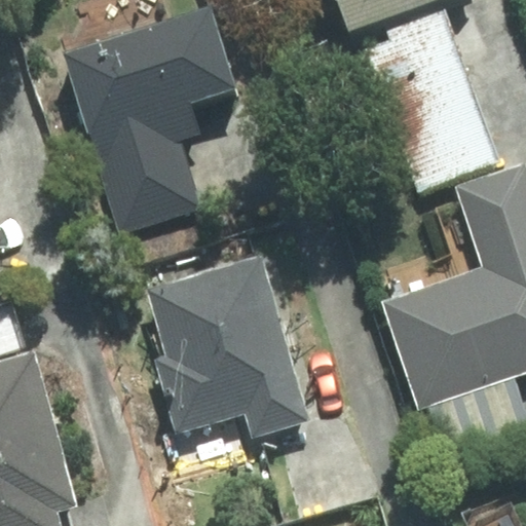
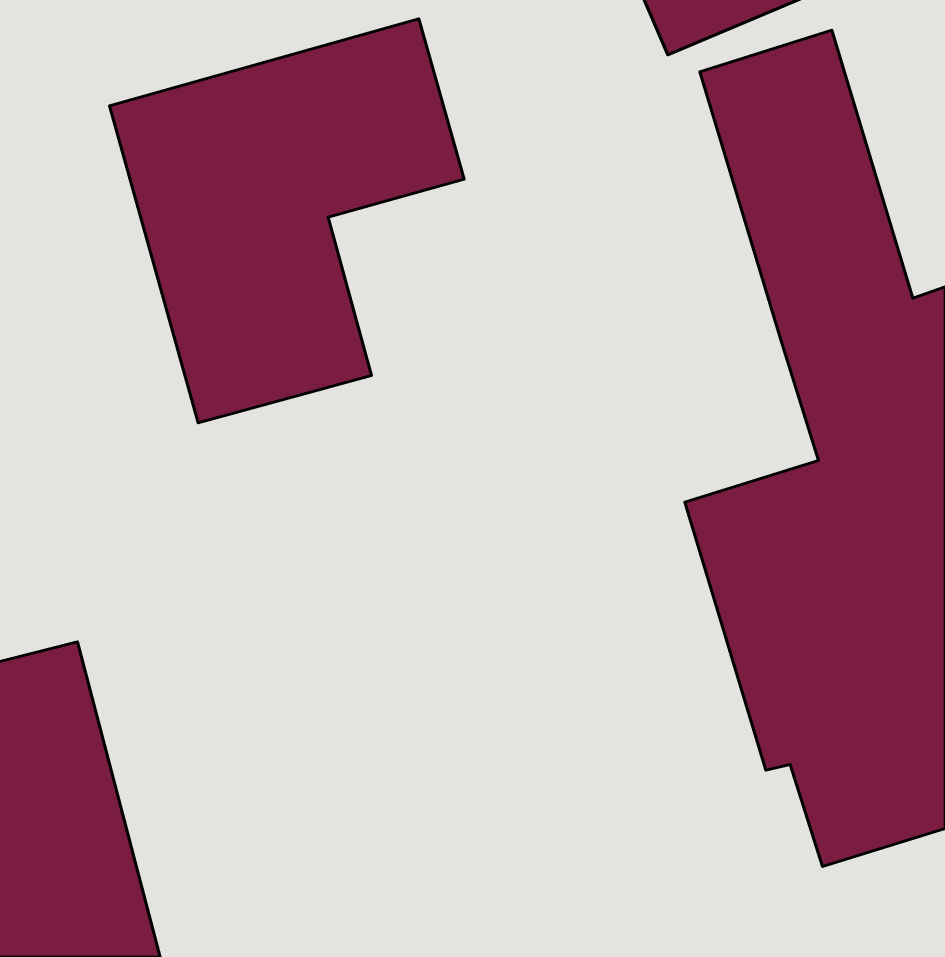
building: [146,254,304,433] -> none

